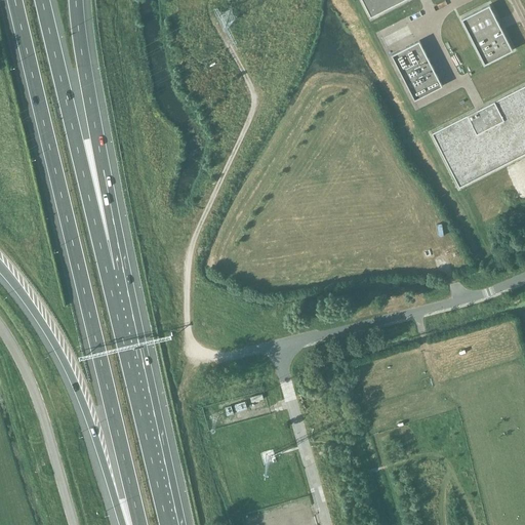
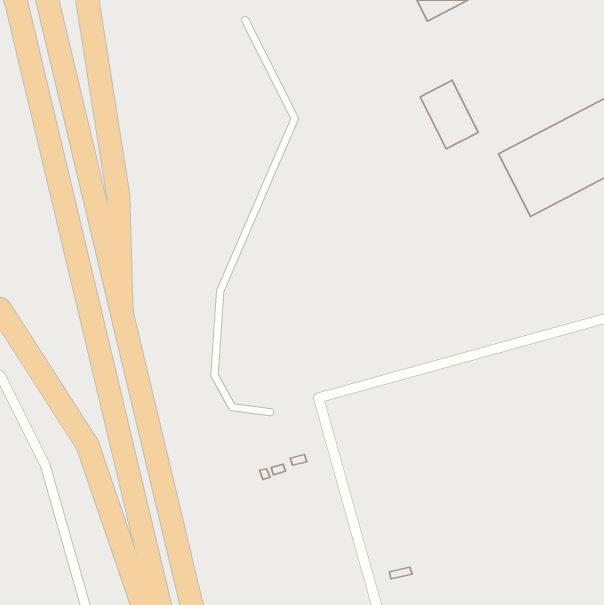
building: [462,5,514,65] -> none
building: [393,41,443,100] -> [420,80,478,149]

